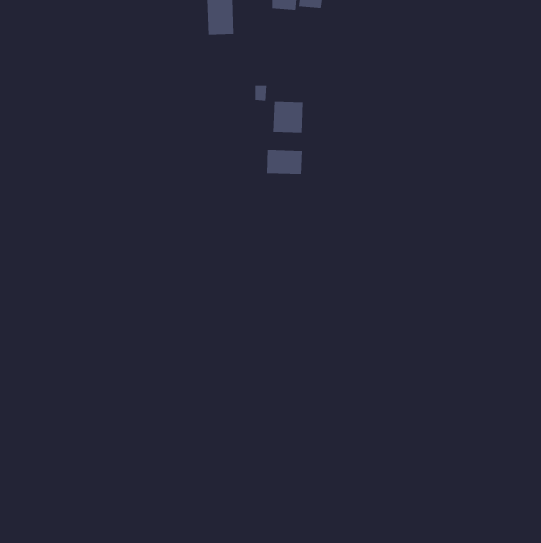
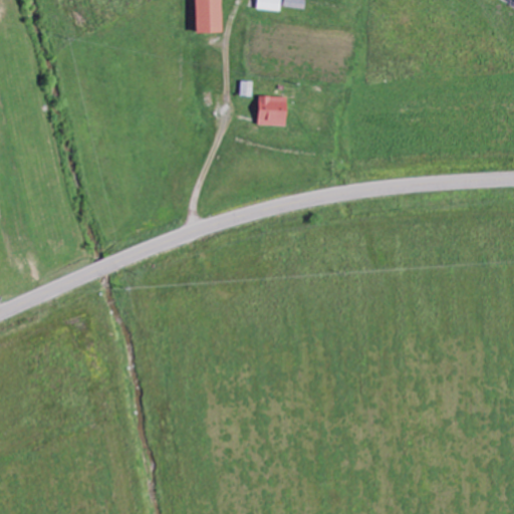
building: [266,149,302,175] -> none

